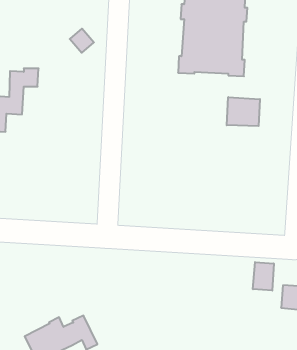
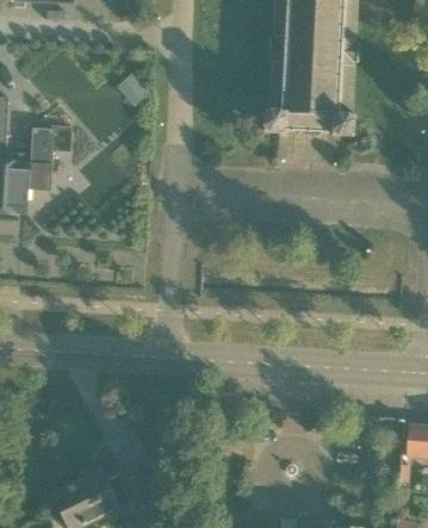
building: [227,97,260,126] -> none
building: [253,262,274,291] -> none

